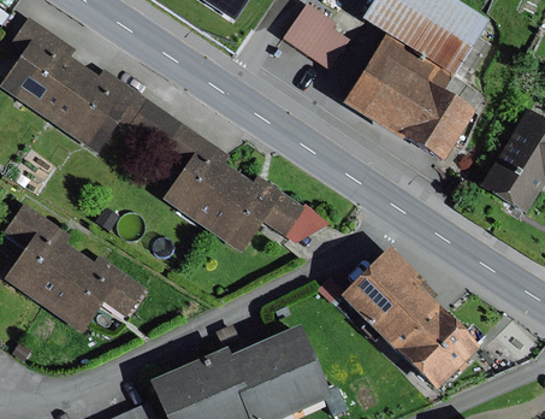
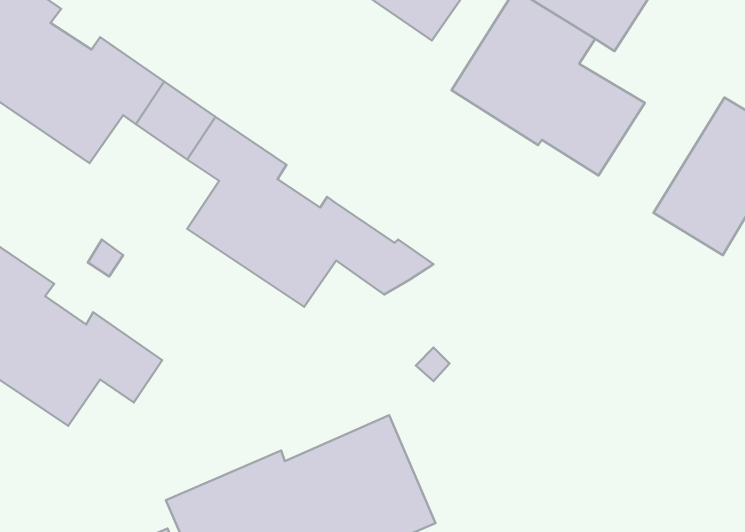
building: [340,247,480,393] -> none

